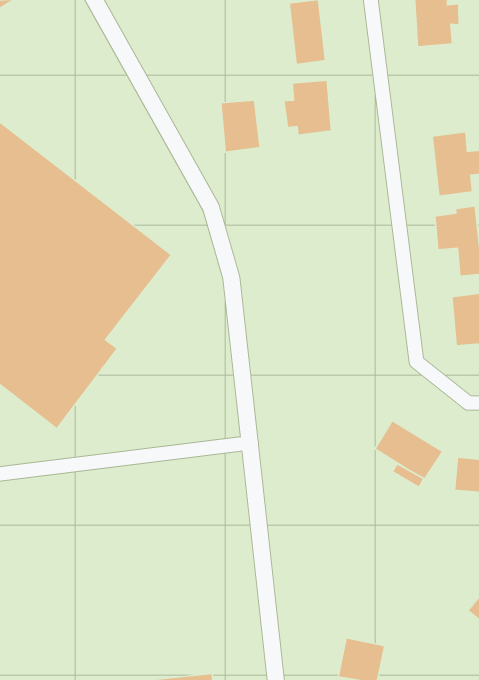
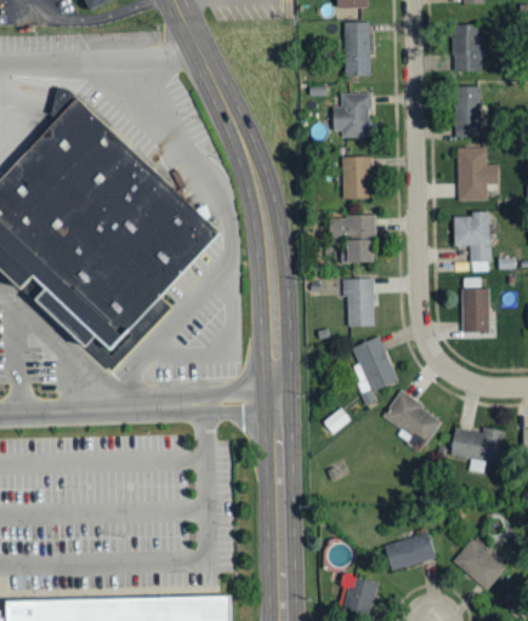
building: none -> [454,87,481,132]
building: [221,100,260,152] -> [342,158,373,200]
building: none -> [329,217,374,264]
building: none -> [342,278,375,326]
building: none -> [352,336,398,394]
building: none -> [385,532,436,569]

